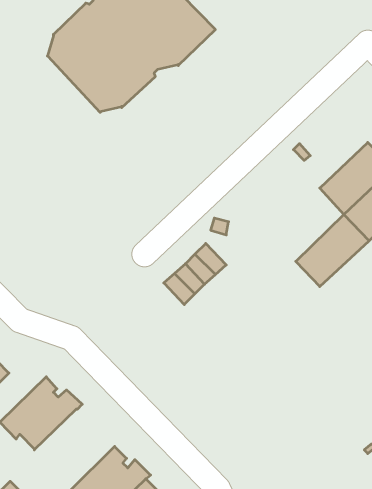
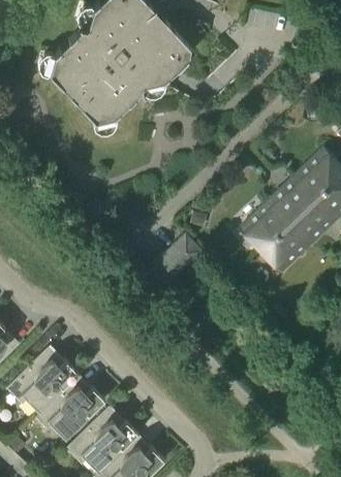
building: none -> [242,187,305,250]
building: none -> [35,377,105,439]

